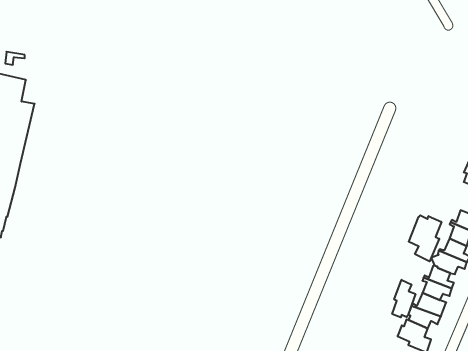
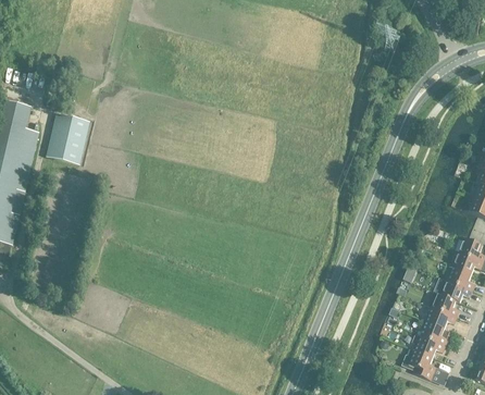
building: none -> [52,114,89,164]
building: [409,215,441,261] -> none
building: [392,280,415,317] -> none

